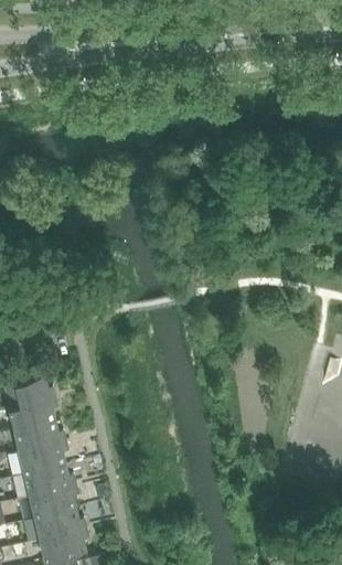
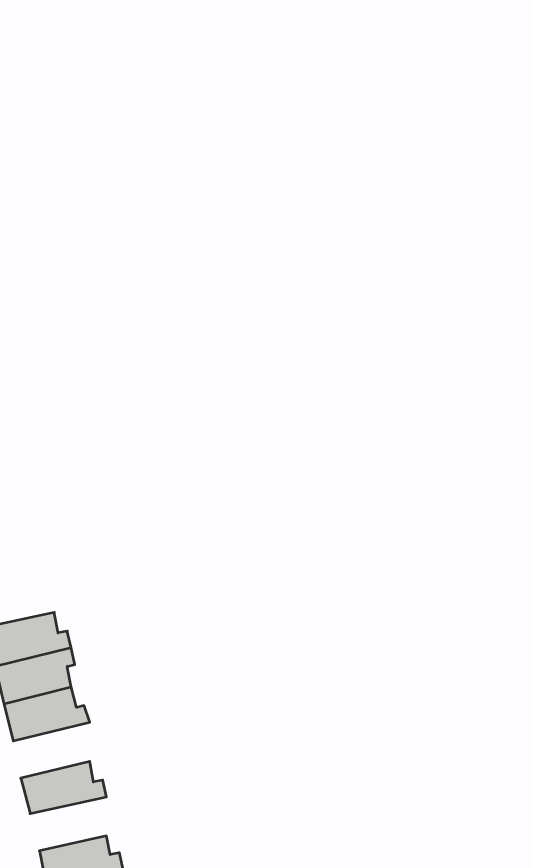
building: [20,447,67,480] -> none
building: [30,491,77,523] -> none

